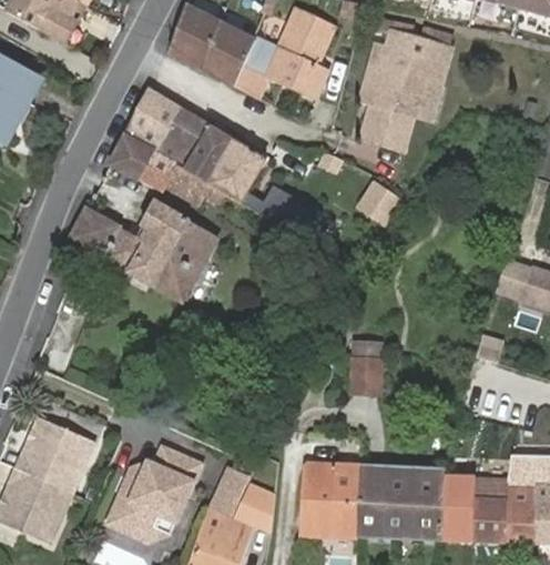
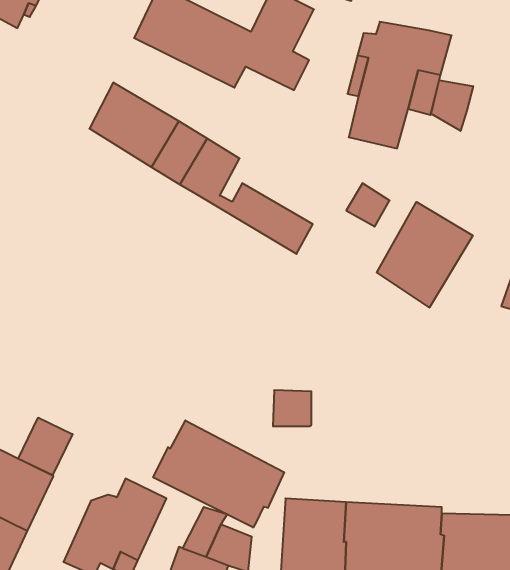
building: none -> [431,80,473,131]
building: [110,131,223,202] -> none
building: [71,193,217,301] -> none
building: none -> [377,202,473,308]
building: [350,360,385,392] -> [273,390,311,426]
building: none -> [18,418,73,475]
building: none -> [153,420,284,528]

